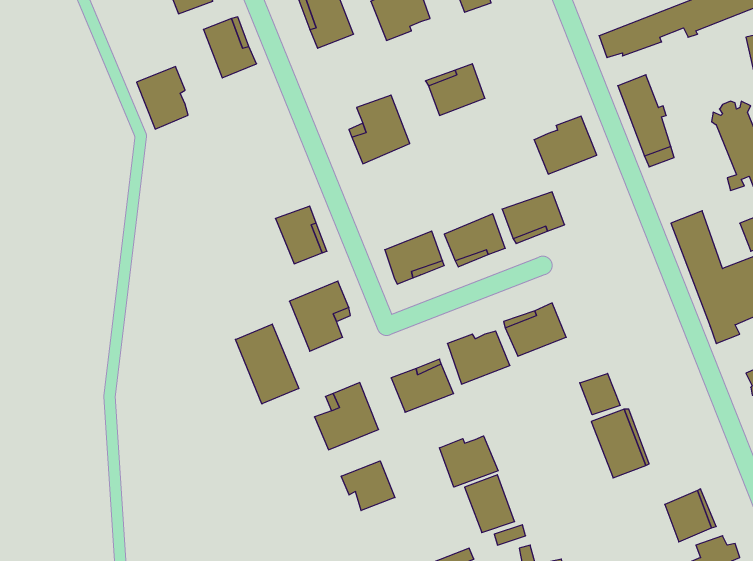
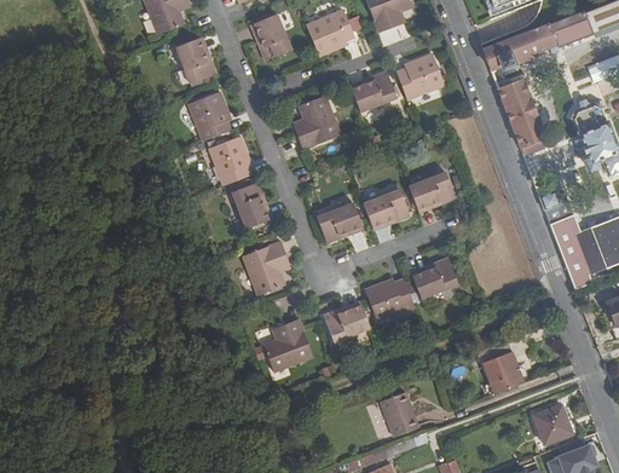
building: [137,67,188,129] -> [190,92,230,140]
building: [534,116,597,174] -> [397,54,445,99]
building: none -> [212,135,251,184]
building: [235,324,299,404] -> none
building: [580,373,620,415] -> none
building: [439,436,498,487] -> none
building: [341,461,395,511] -> none

